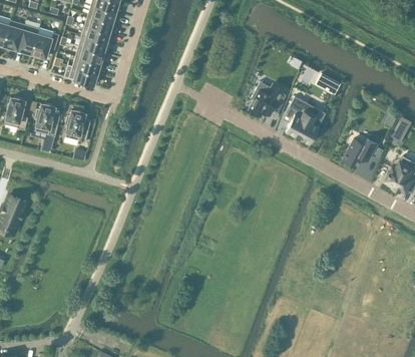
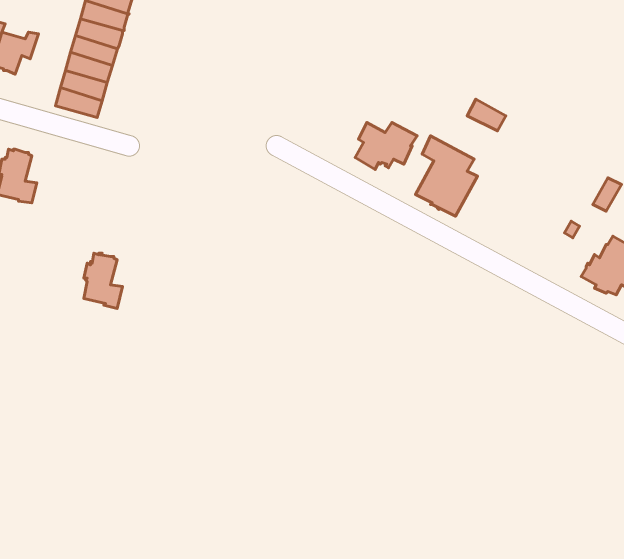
building: [65,110,88,143] -> [84,253,122,308]
building: [342,139,376,167] -> none

